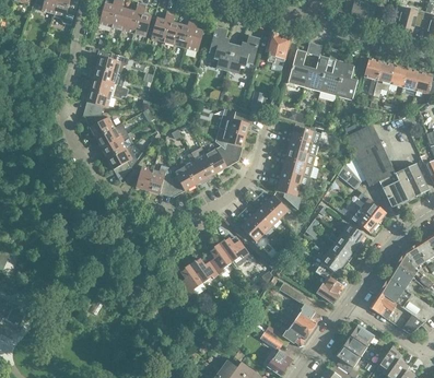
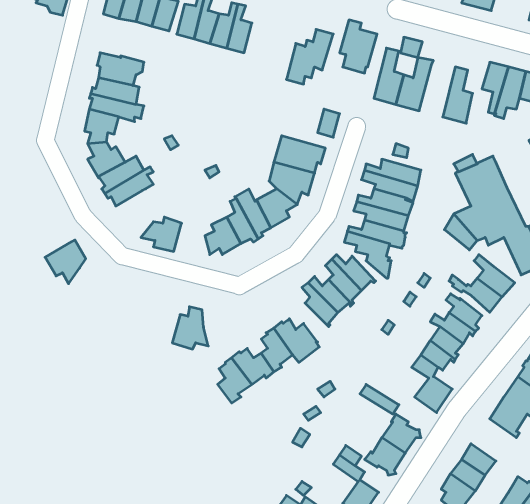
building: [209,26,234,70] -> none
building: [320,59,345,96] -> none
building: [108,146,137,177] -> [45,240,86,284]
building: [149,165,174,194] -> [172,307,208,349]

